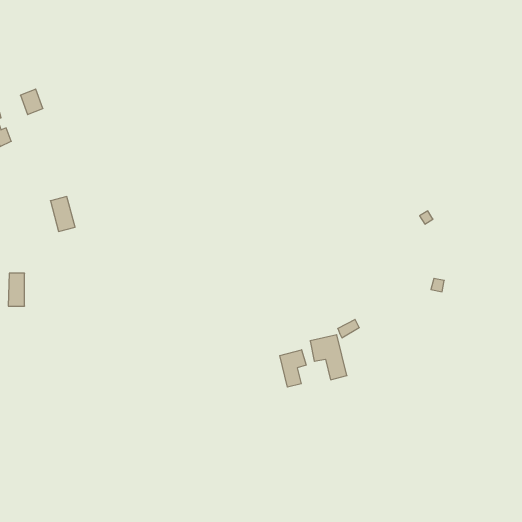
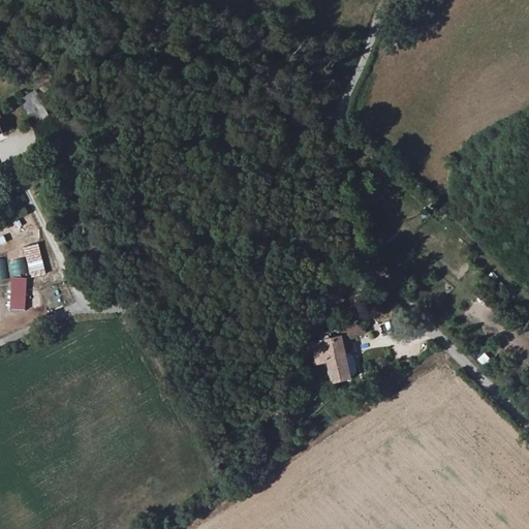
building: [50,197,75,231] -> [21,242,45,277]
building: [280,350,306,387] -> none

